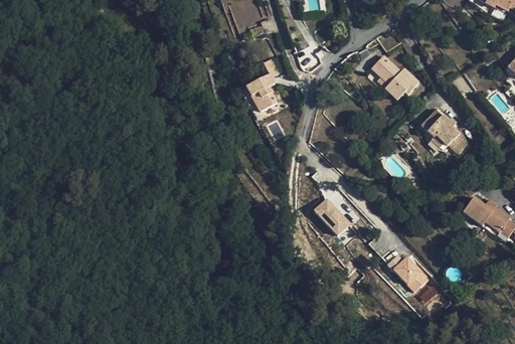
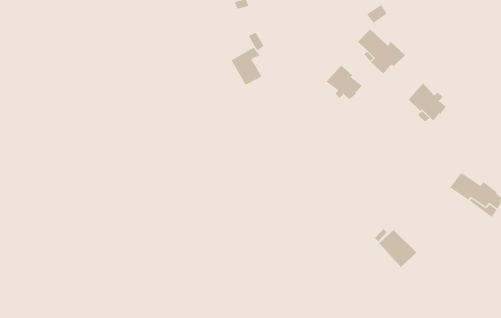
building: none -> [326,65,363,100]
building: [314,195,350,234] -> none

